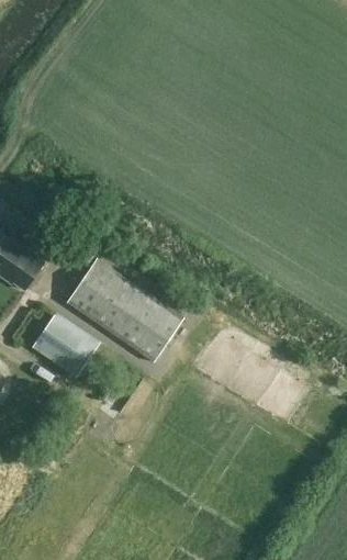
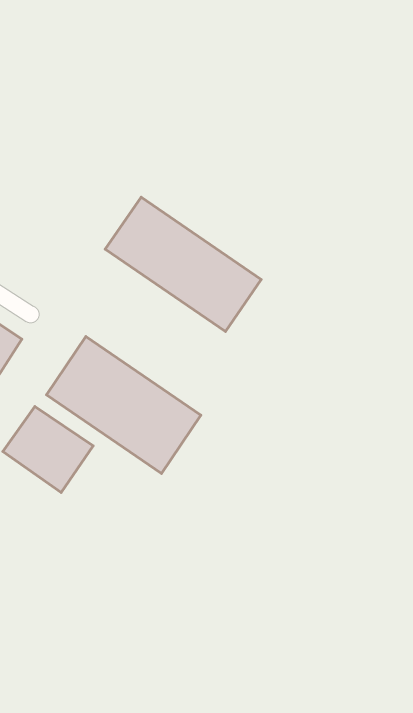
building: none -> [105,197,261,331]

